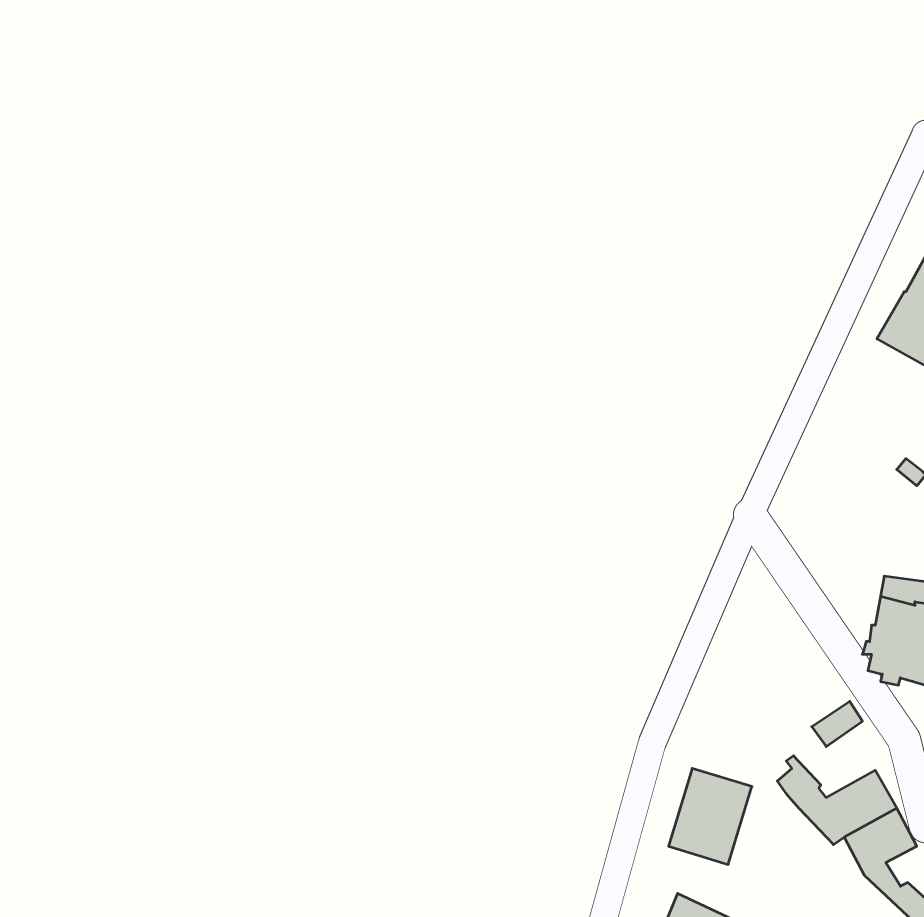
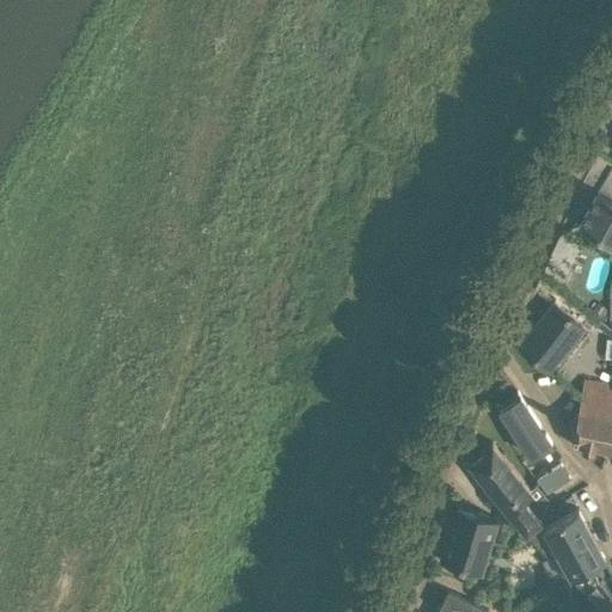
building: none -> [520,307,590,379]
building: none -> [500,400,553,463]
building: none -> [470,448,532,521]

